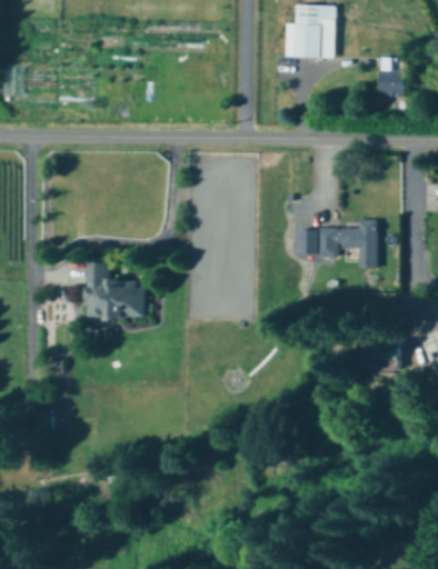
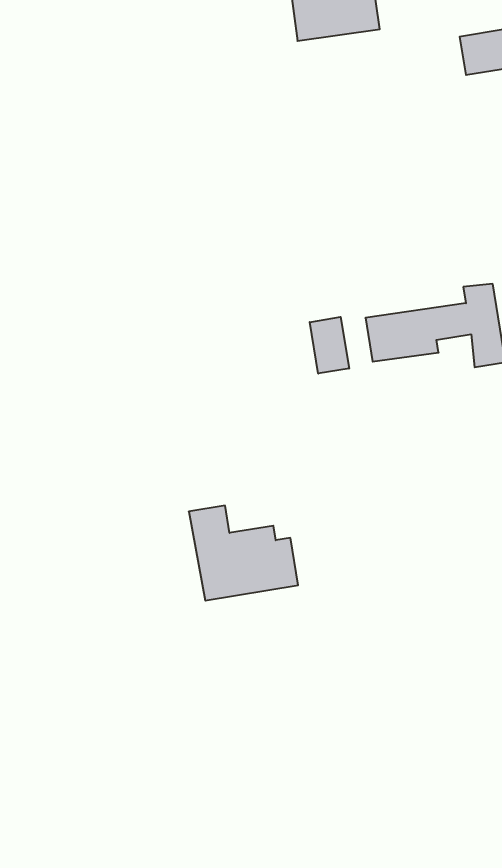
building: none -> [310,317,349,374]
building: [88,262,146,317] -> [189,506,298,601]

